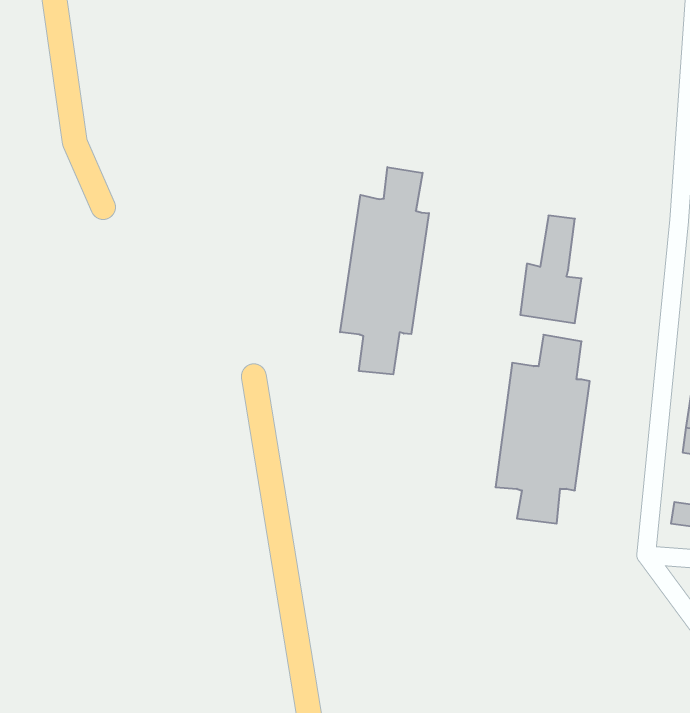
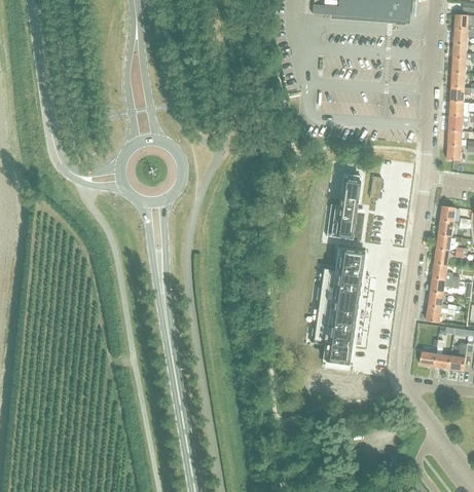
building: [340,167,429,374] -> none

